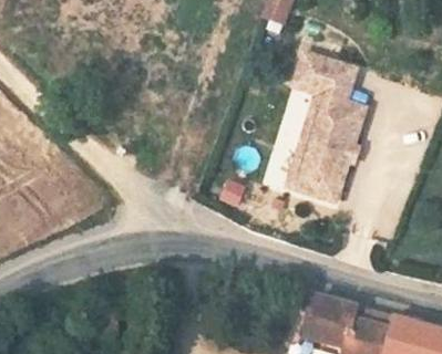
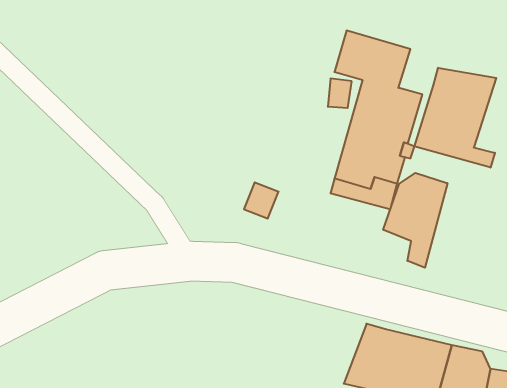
building: none -> [414,68,496,168]
building: none -> [383,173,447,268]

